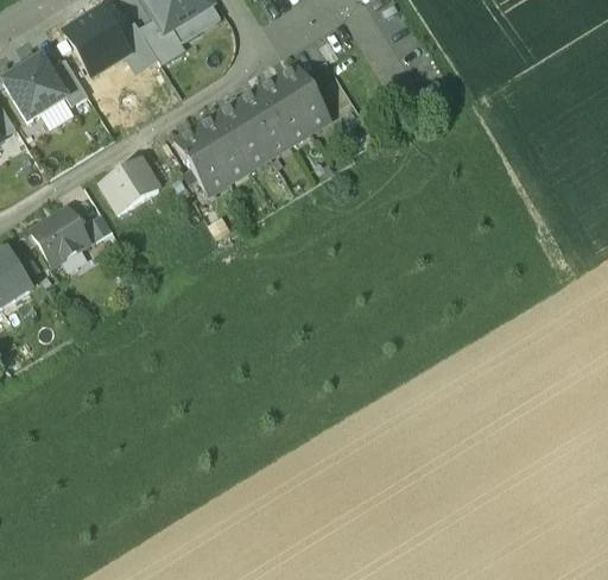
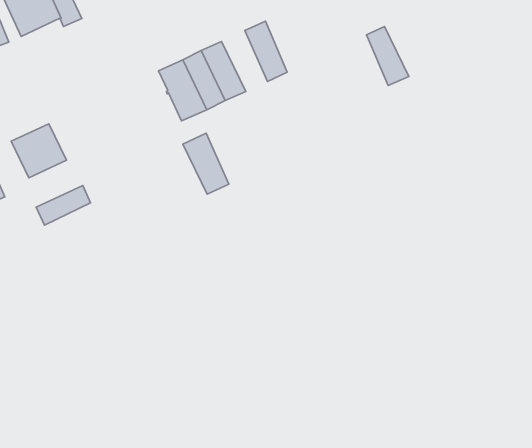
building: [280,64,329,125] -> [366,27,409,86]
building: [238,87,290,150] -> [183,133,229,194]
building: [102,159,160,213] -> none
building: none -> [36,185,91,225]

